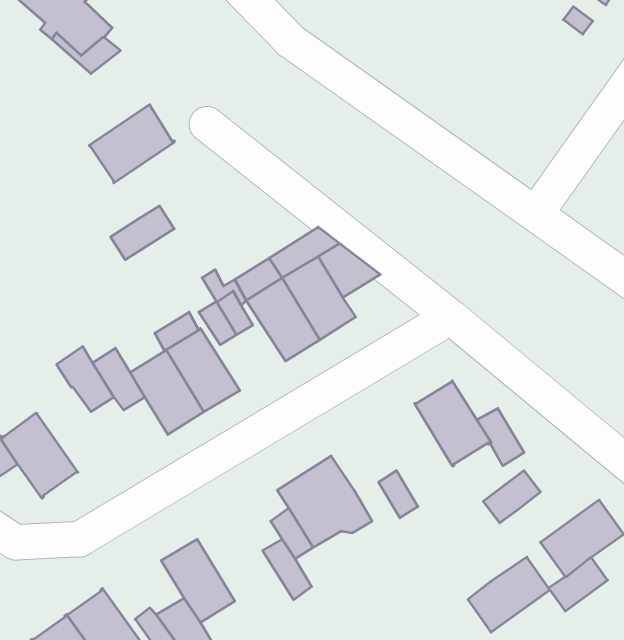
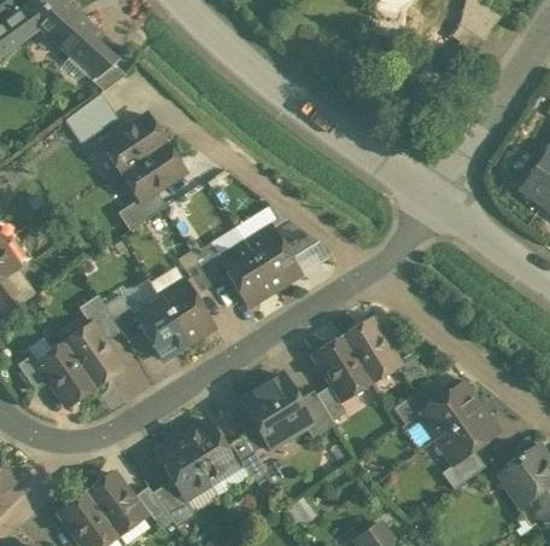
building: none -> [65,93,118,143]
building: none -> [121,143,183,199]
building: none -> [64,324,122,387]
building: none -> [315,336,370,400]
building: none -> [298,390,334,437]
building: none -> [182,419,236,482]
building: [468,557,550,632] -> [419,383,479,438]

